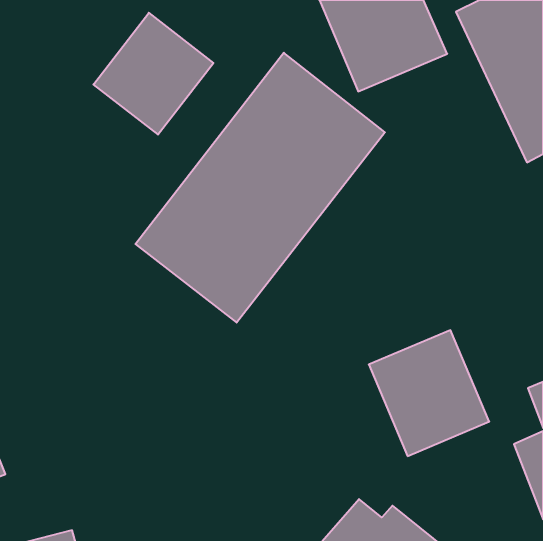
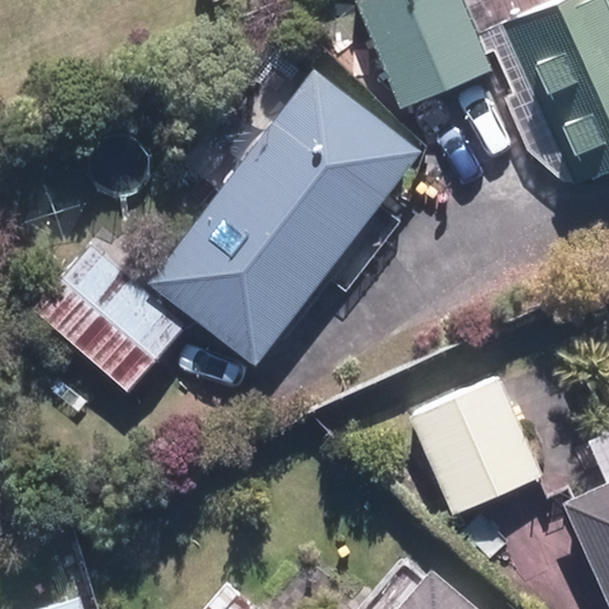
building: [93,13,213,135] -> none
building: none -> [32,241,188,393]

